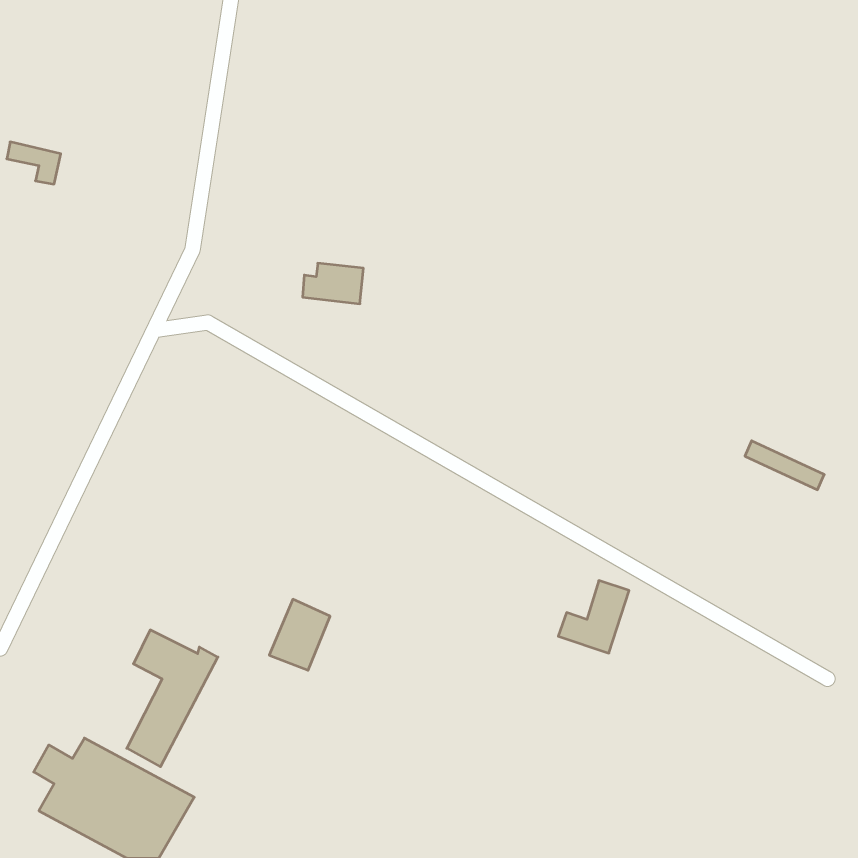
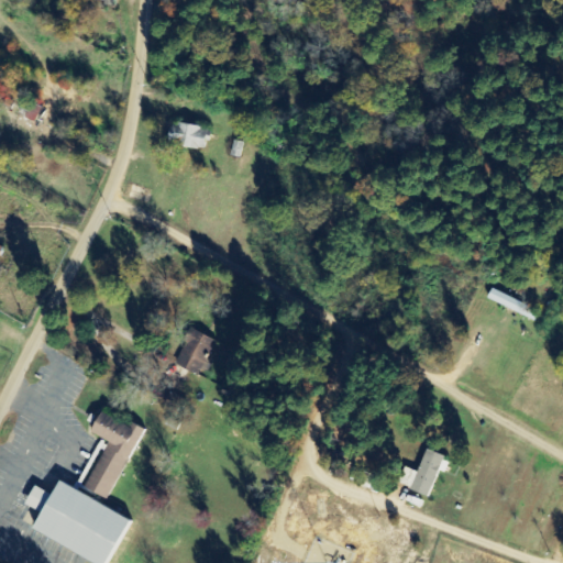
building: [303,263,363,304] -> [168,121,208,147]
building: [558,581,629,653] -> [399,448,445,495]
building: [269,599,330,670] -> [177,328,217,374]

